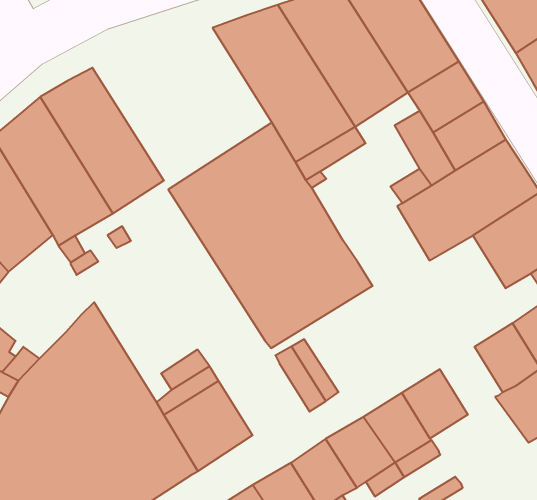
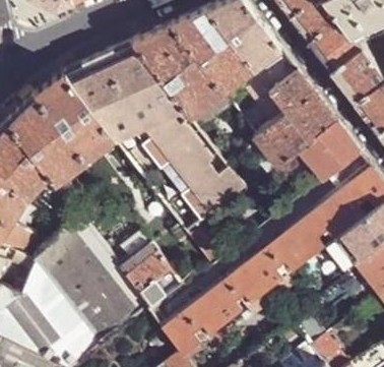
building: none -> [64,42,174,140]
building: none -> [287,217,326,257]

